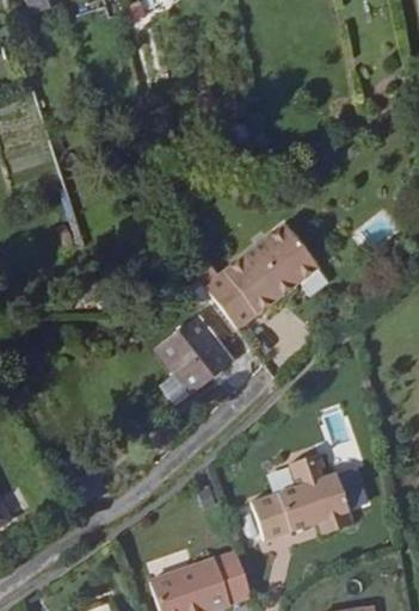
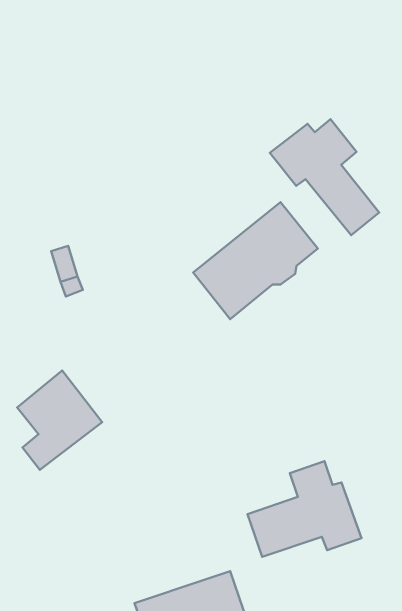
building: none -> [270,119,379,235]
building: [156,315,233,405] -> [17,370,102,470]

